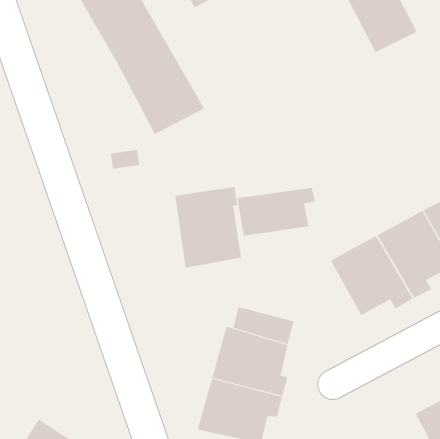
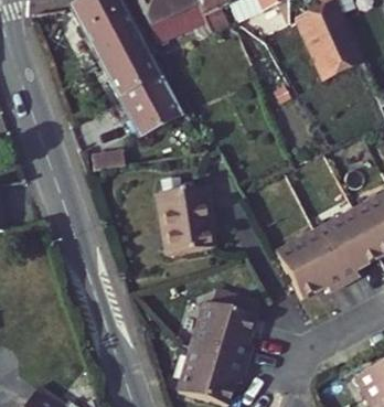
building: [237,187,315,236] -> none

